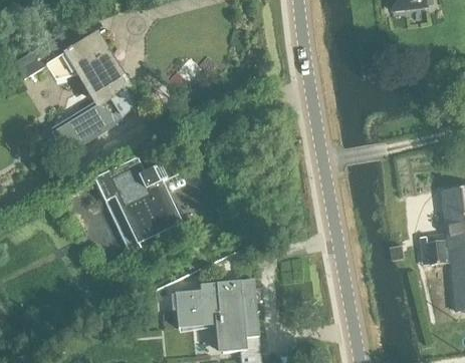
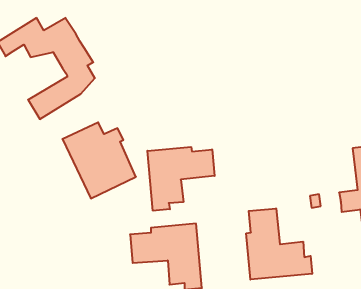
building: none -> [147,147,215,211]
building: none -> [246,208,312,280]

